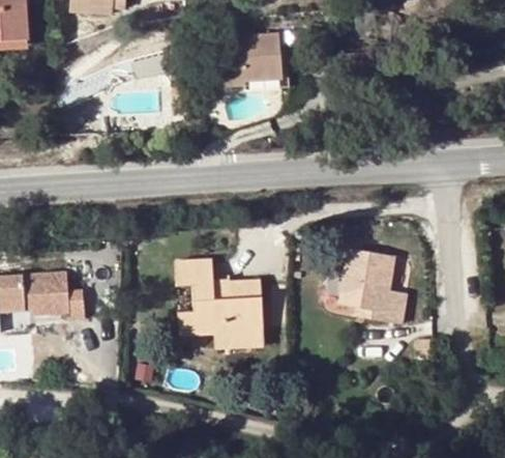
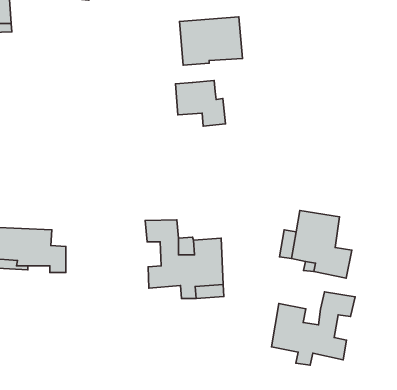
building: none -> [176,81,226,126]
building: none -> [271,292,355,365]

